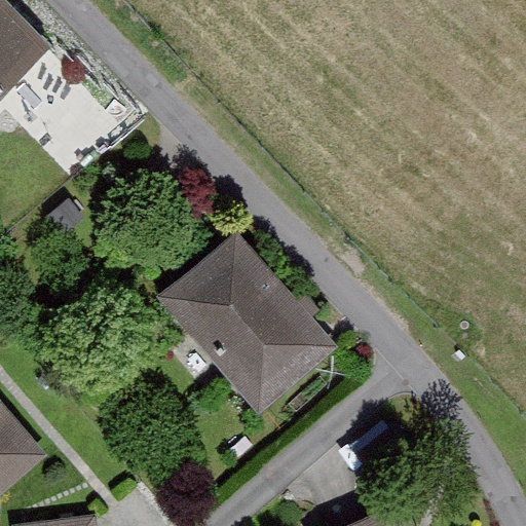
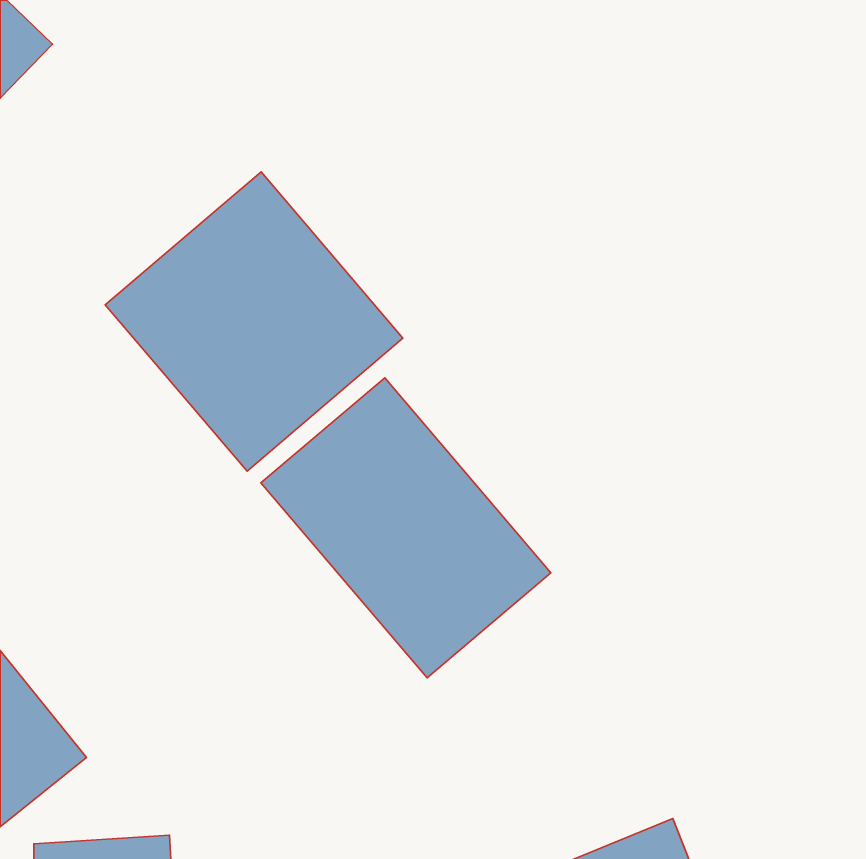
building: none -> [105,172,403,471]

